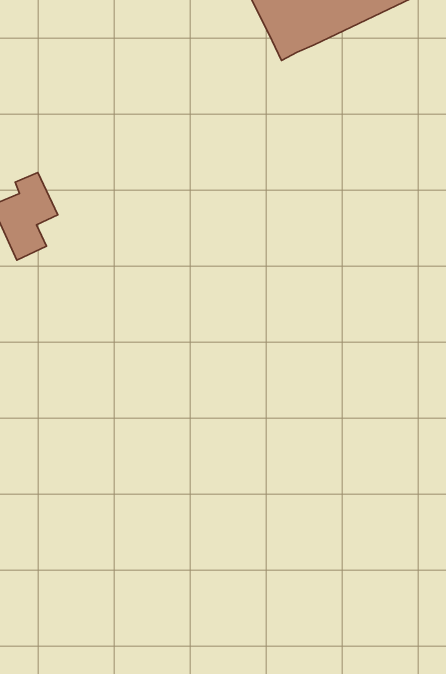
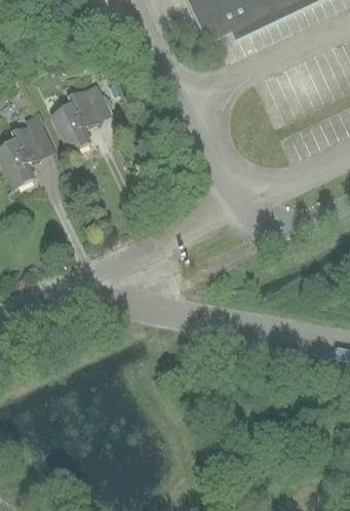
building: none -> [52,89,101,153]

